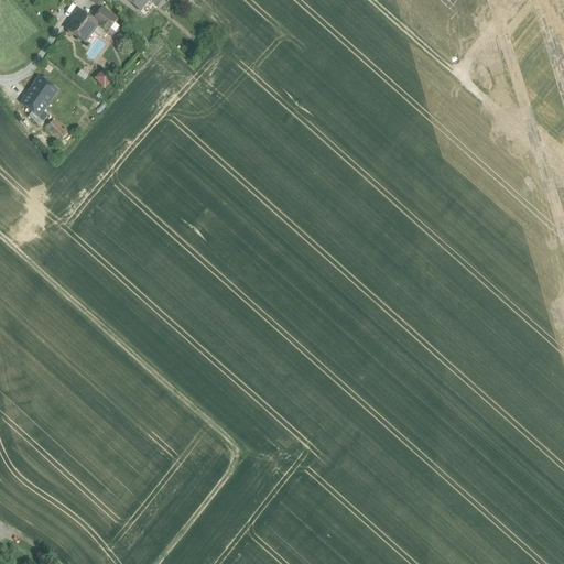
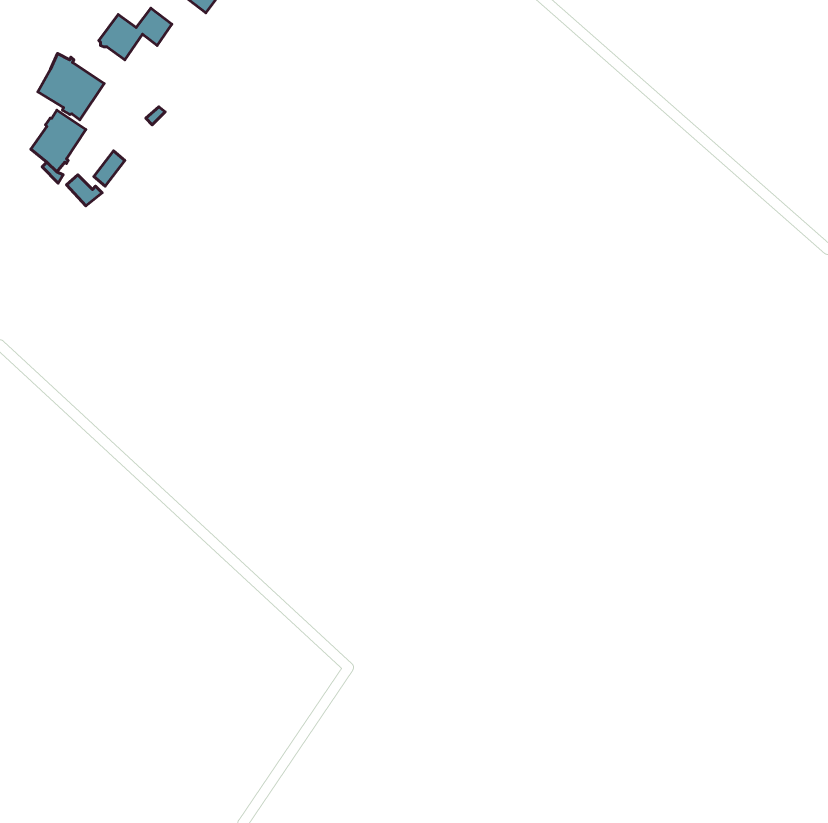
building: none -> [38,54,104,120]

